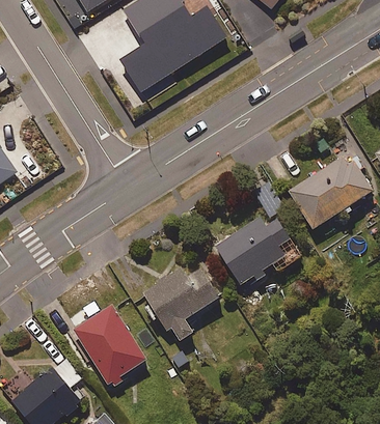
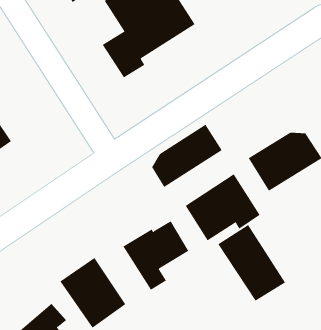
building: none -> [152,124,223,188]
building: none -> [217,224,286,302]

